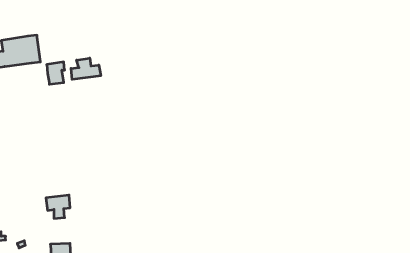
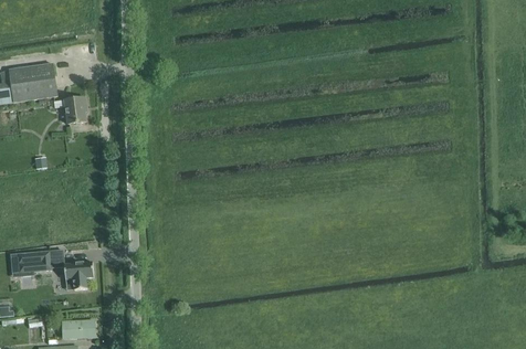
building: [71,58,101,79] -> none
building: none -> [17,251,52,276]

